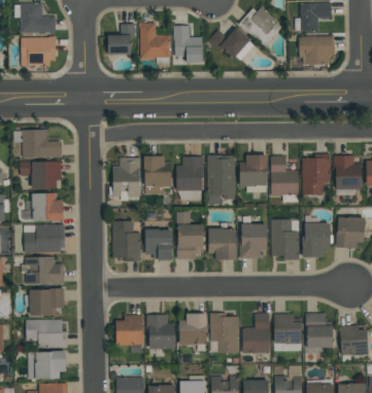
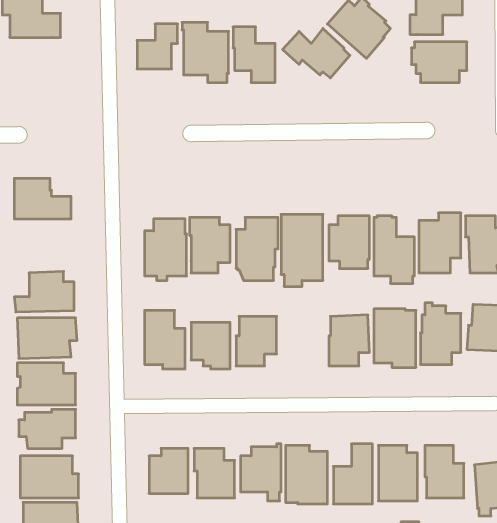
building: [21,36,56,67] -> none
building: [21,162,62,189] -> none
building: [207,228,236,260] -> none

